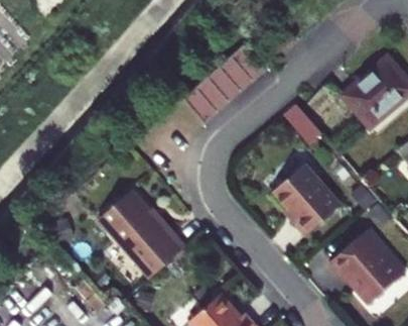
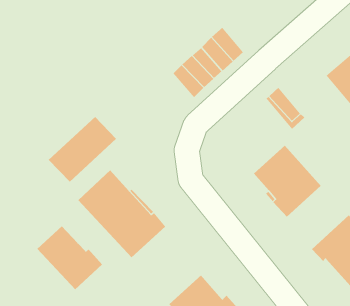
building: none -> [48,116,117,183]
building: none -> [37,225,103,290]

